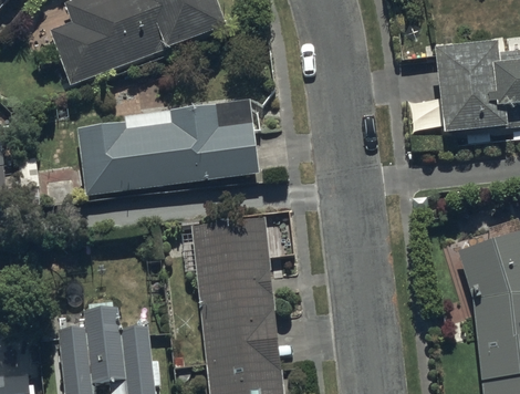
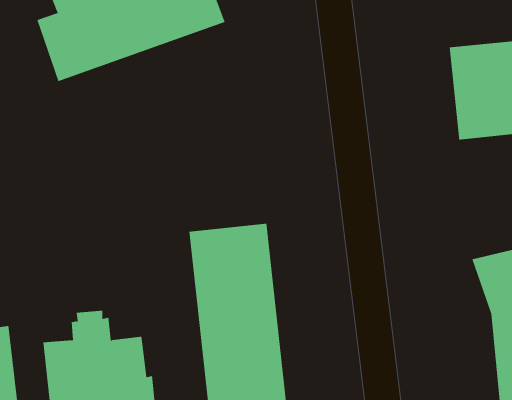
building: [77,97,259,193] -> none

